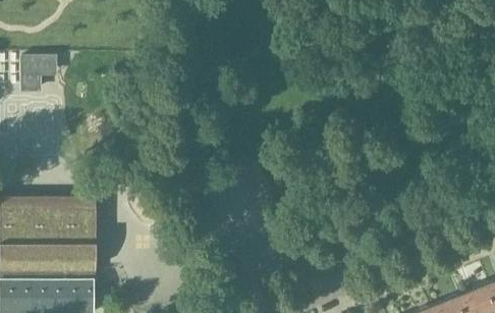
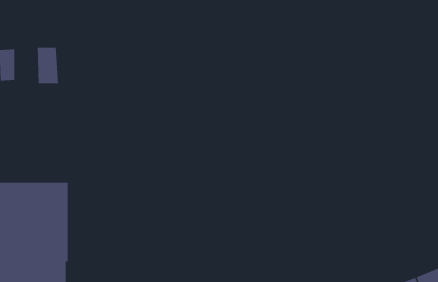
building: none -> [37,47,59,84]

